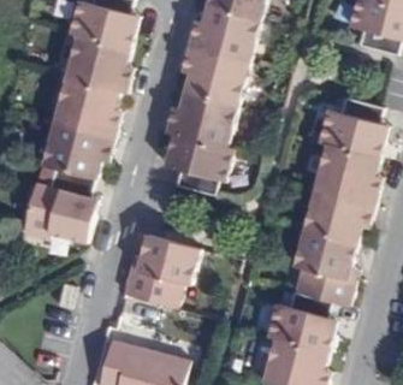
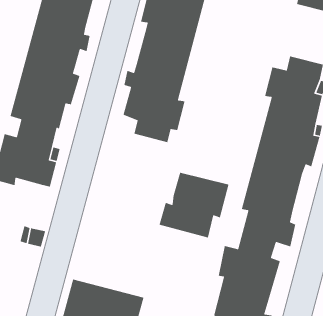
building: [123,235,200,307] -> [159,172,229,238]

